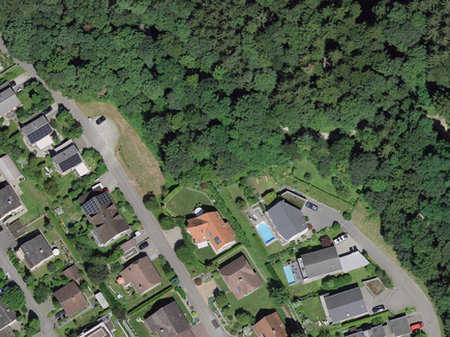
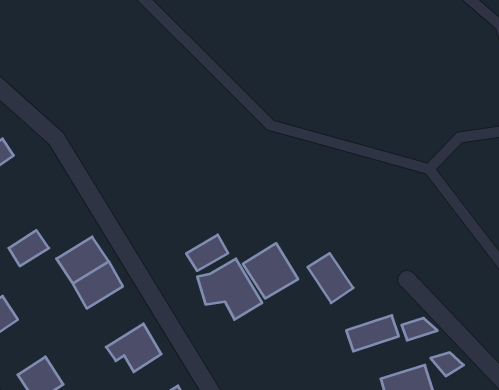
building: [52,147,82,174] -> [9,230,49,266]
building: none -> [186,235,228,271]
building: [218,255,260,297] -> [243,243,298,298]

